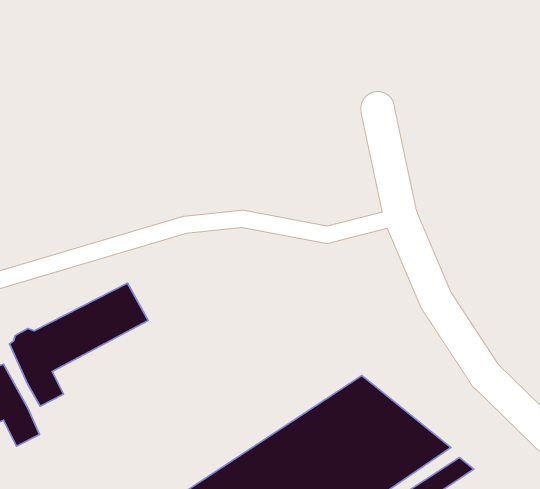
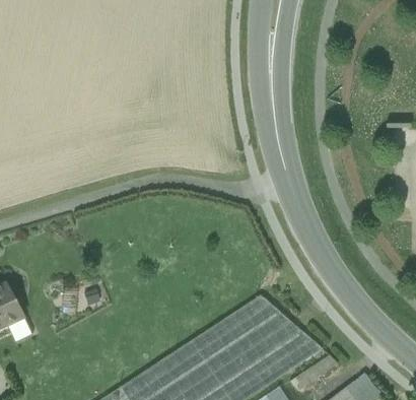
building: [10,283,148,406] -> none

